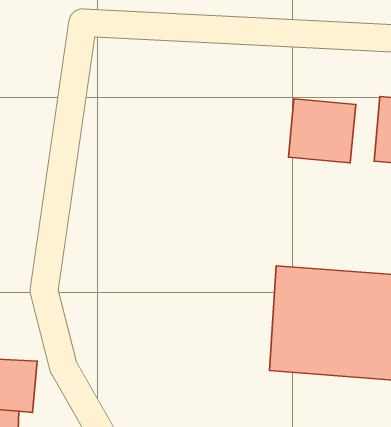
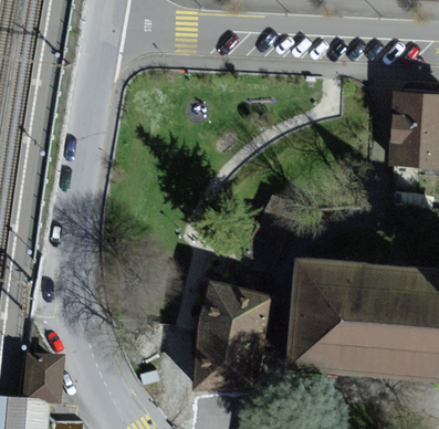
building: [288,99,356,163] -> none
building: none -> [197,284,273,395]

